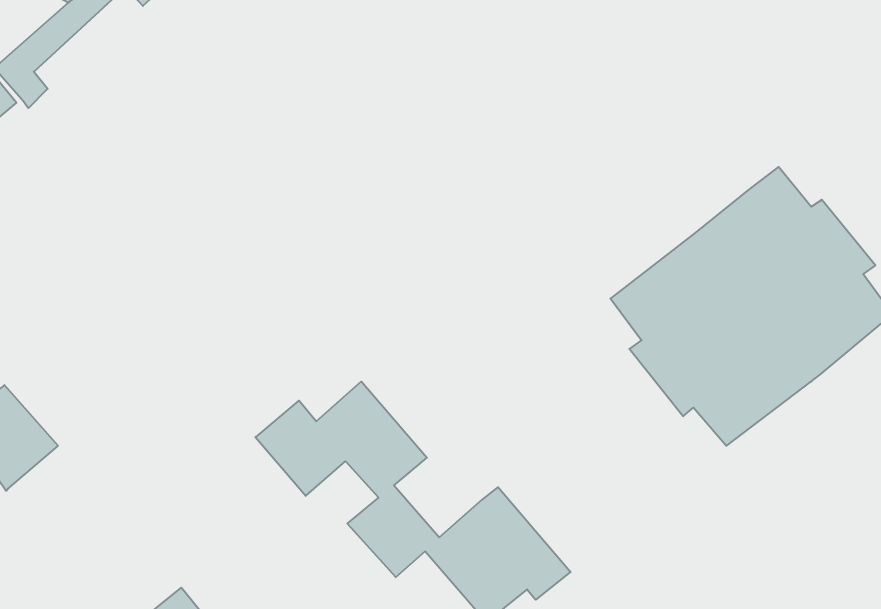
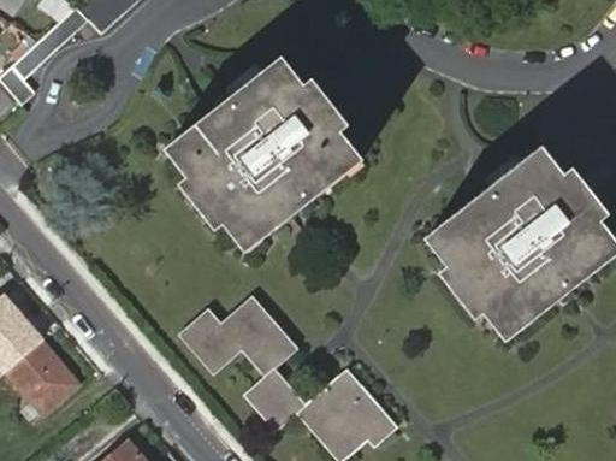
building: none -> [165,57,362,250]
building: none -> [6,339,77,413]

